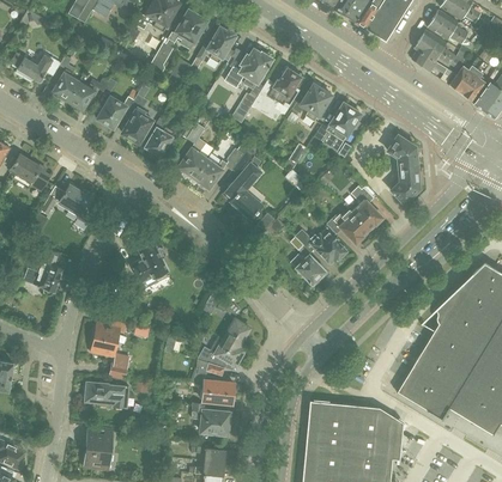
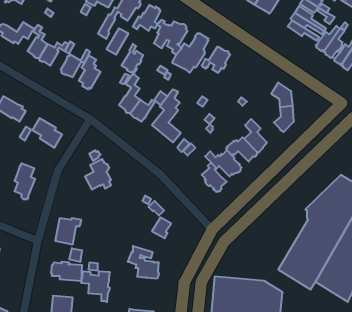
building: [314,103,361,141] -> none
building: [144,116,174,155] -> [121,44,143,72]
building: [196,336,246,366] -> none
building: [190,402,230,444] -> [81,271,110,302]

